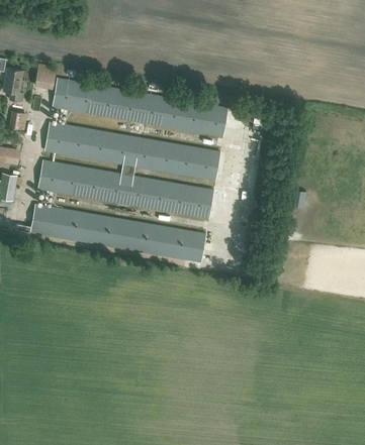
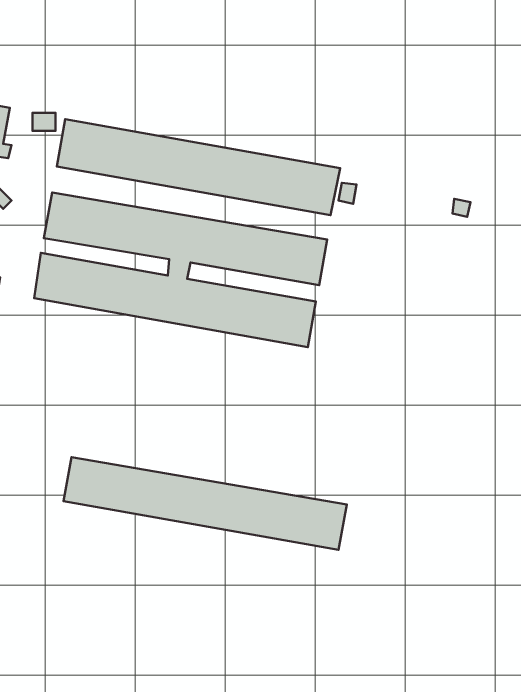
building: [30,205,206,262] -> [63,457,347,550]

